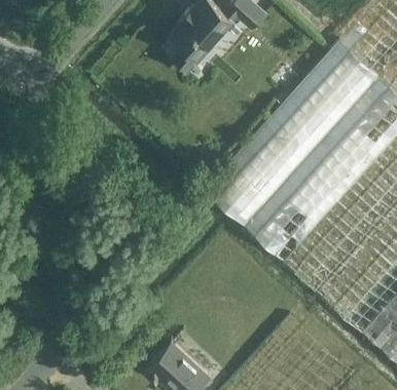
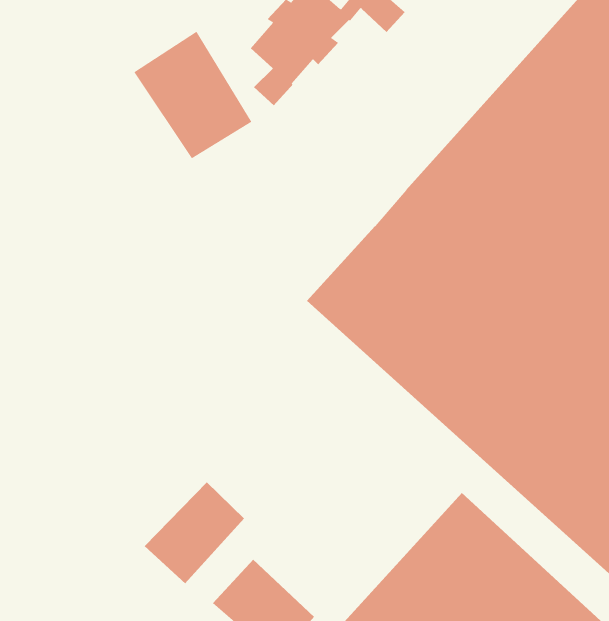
building: none -> [133,31,252,159]
building: none -> [144,482,245,584]

